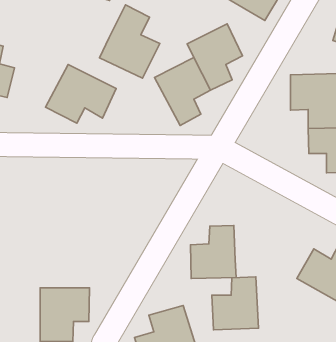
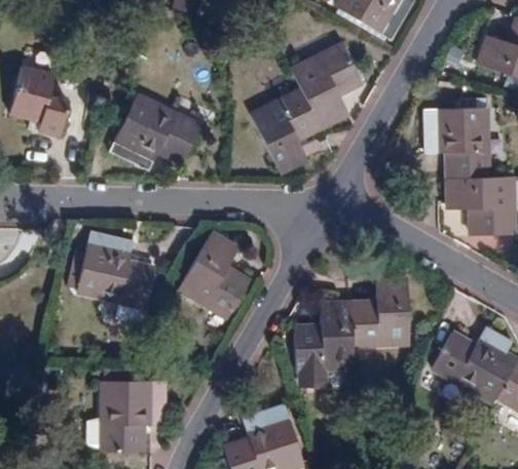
building: [99,5,160,78] -> none
building: none -> [77,231,154,308]
building: none -> [178,232,250,319]
building: [212,277,258,330] -> [350,278,410,346]

